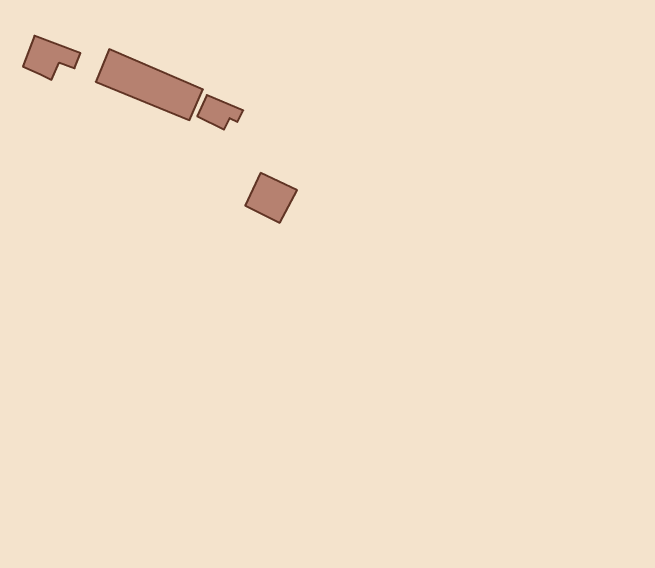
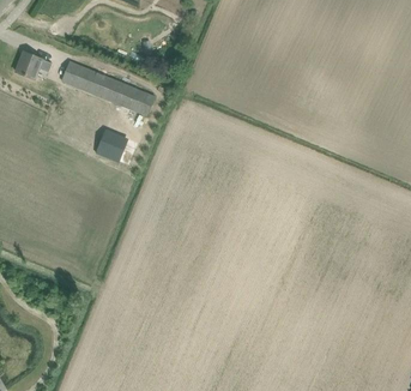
building: [245,173,297,223] -> [97,133,129,164]

